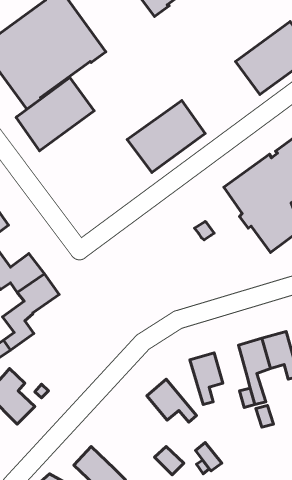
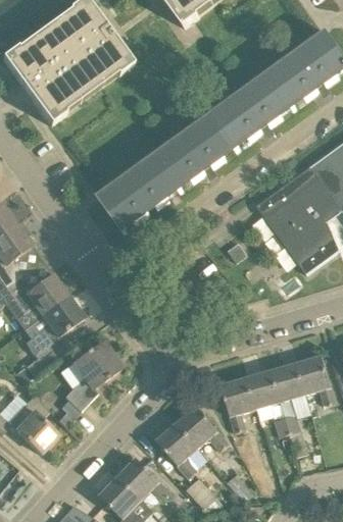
building: none -> [211,72,293,148]
building: [16,78,94,151] -> [98,154,180,230]
building: none -> [57,343,119,415]
building: none -> [245,369,280,409]
building: none -> [155,422,196,477]
building: none -> [116,457,169,500]

